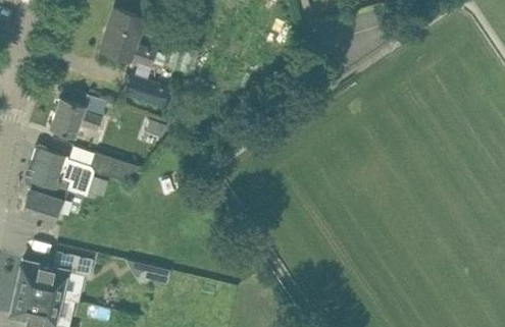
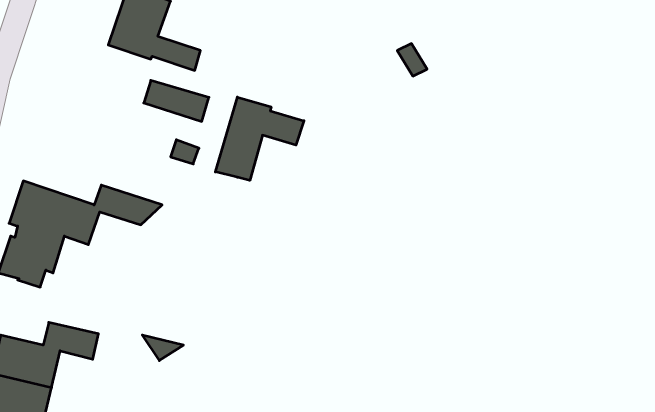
building: none -> [215,97,304,180]
building: [51,95,117,137] -> none

